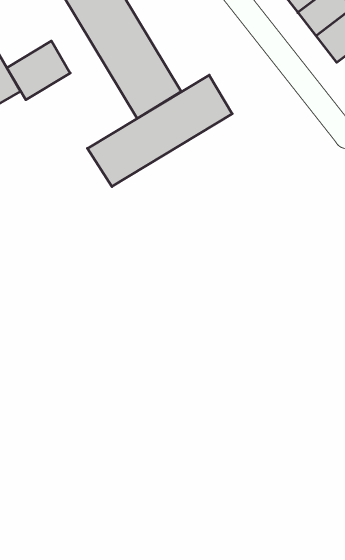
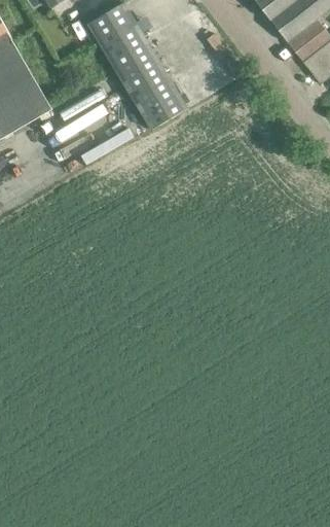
building: [7,41,70,100] -> none
building: [87,75,232,187] -> none

